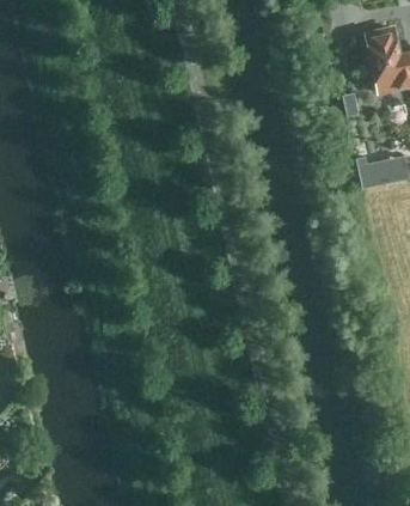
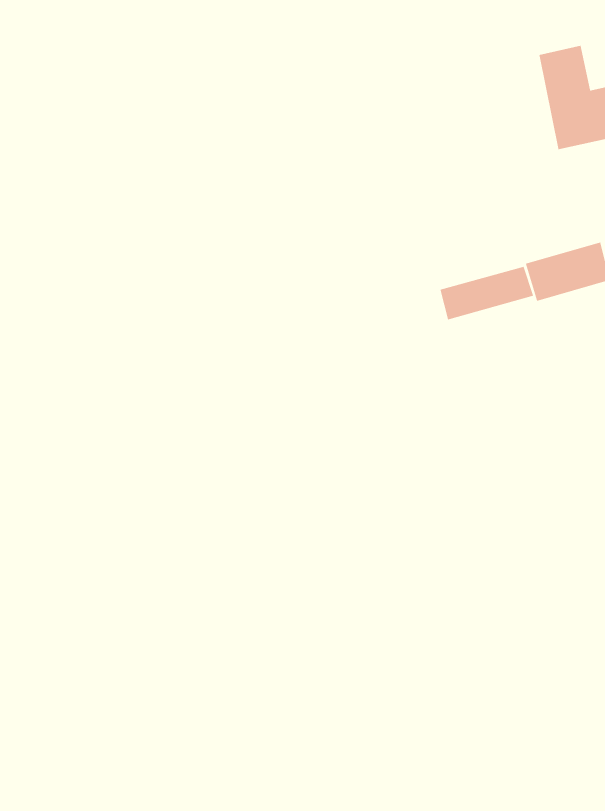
building: none -> [439,266,534,321]

